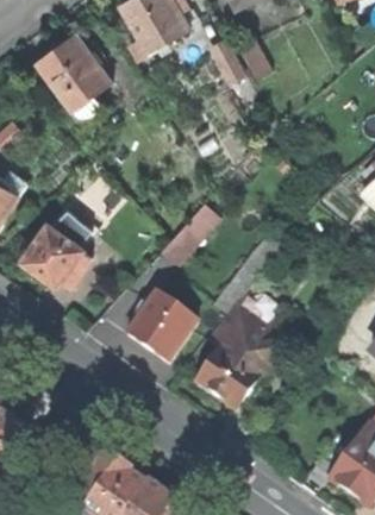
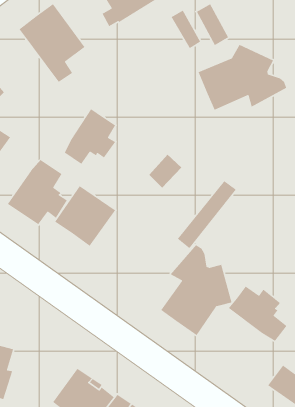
building: none -> [198,44,287,111]
building: none -> [64,108,116,165]
building: [127,293,198,363] -> [54,185,116,247]
building: none -> [228,286,287,342]

